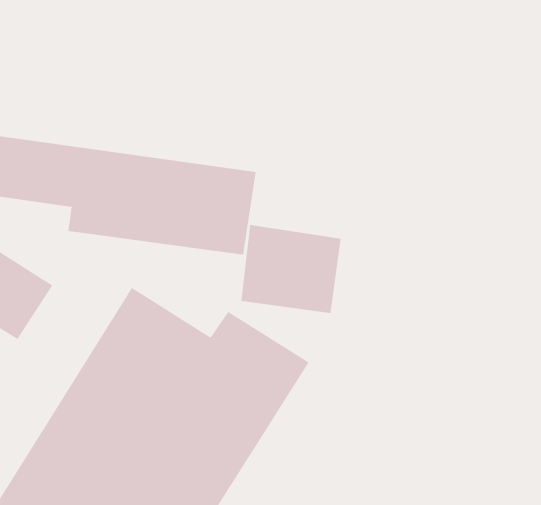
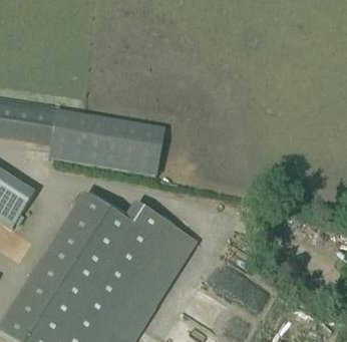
building: [241,224,341,314] -> none

